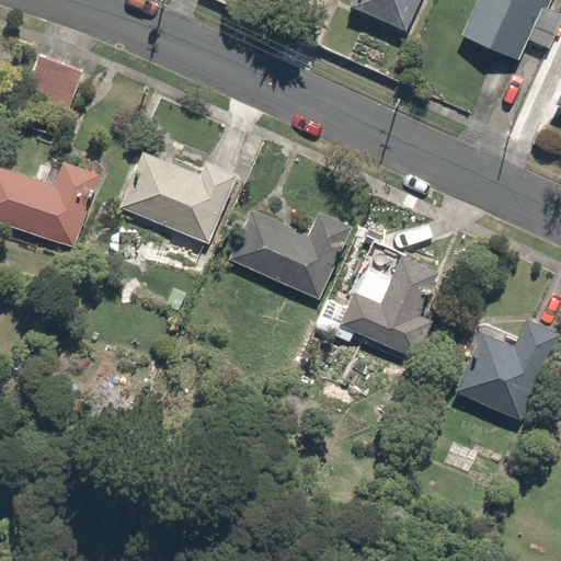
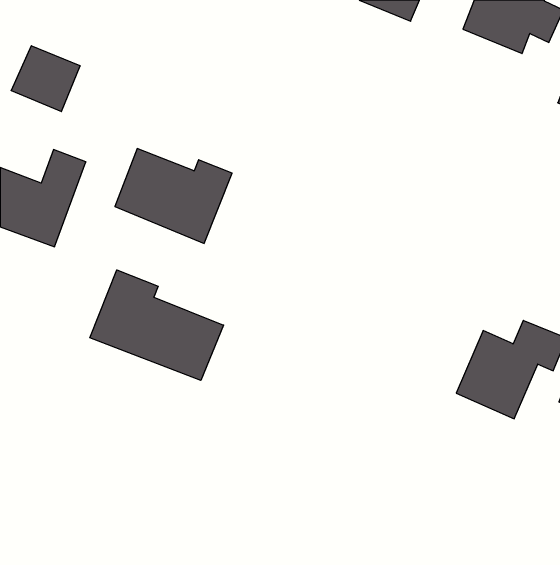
building: [229,210,351,298] -> none
building: [337,254,433,355] -> none
building: none -> [90,270,224,380]

